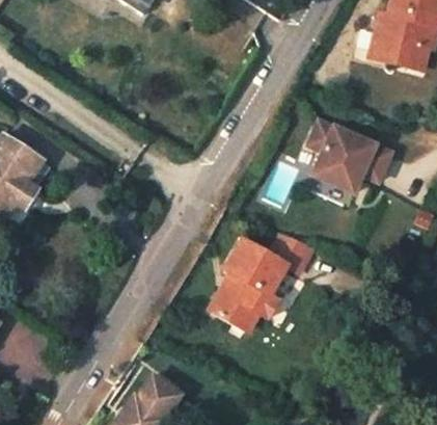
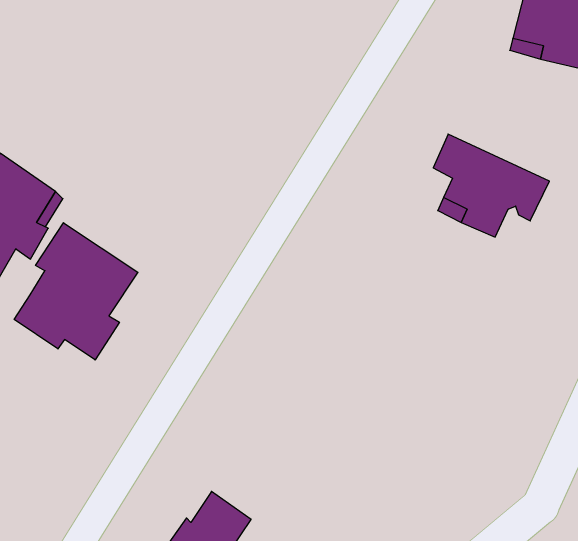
building: none -> [14,223,138,360]
building: [207,231,305,336] -> none

